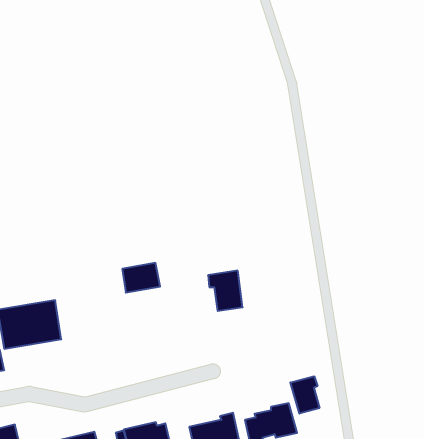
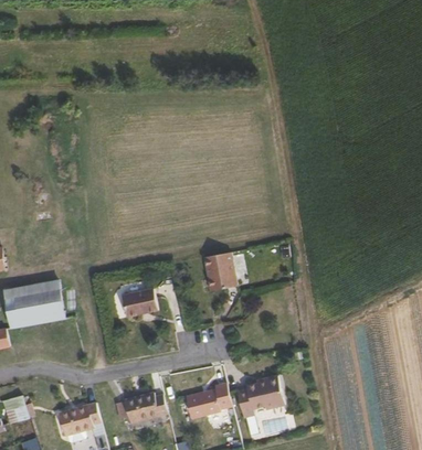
building: [122,263,160,293] -> [119,289,155,317]
building: [290,376,319,414] -> none

